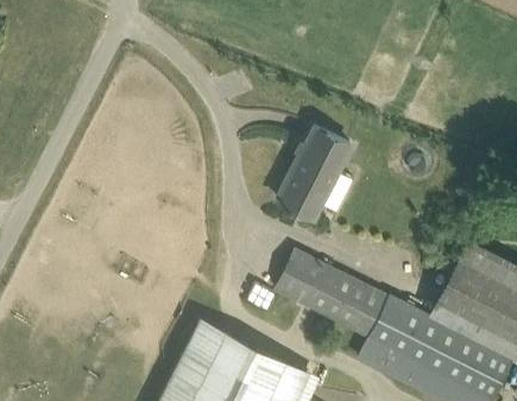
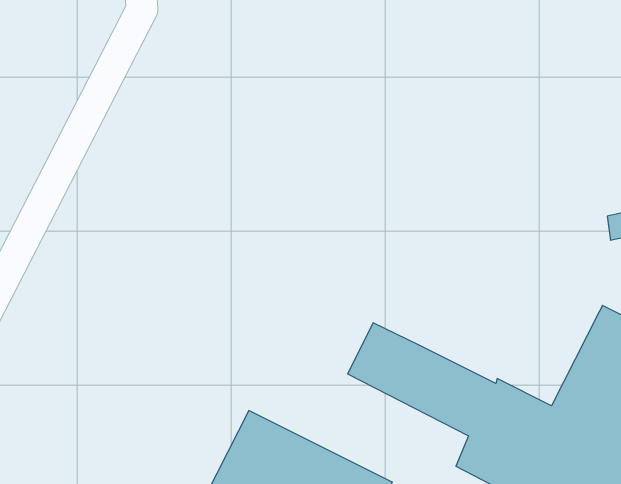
building: [278,127,353,219] -> none

